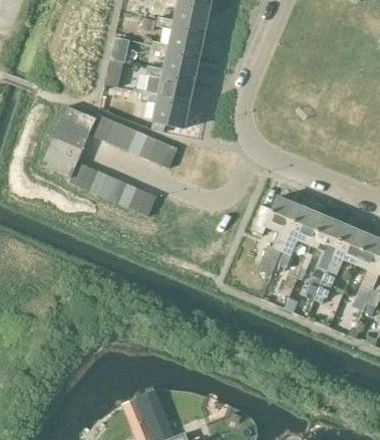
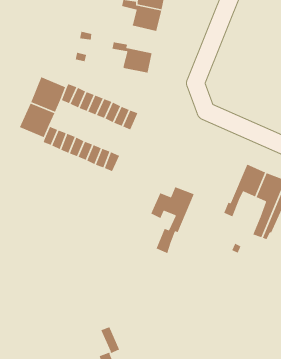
building: [153,39,200,77] -> none
building: [142,89,189,130] -> none
building: [252,196,303,274] -> [150,186,195,254]

